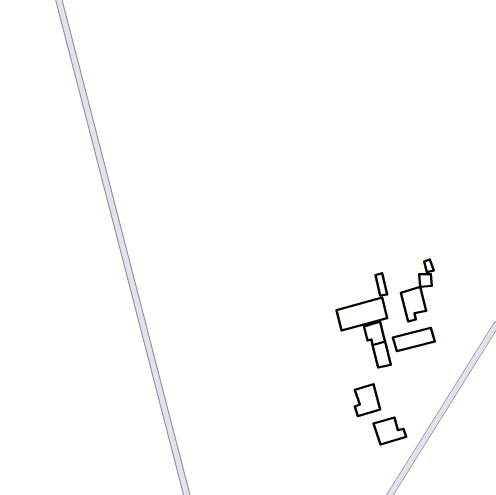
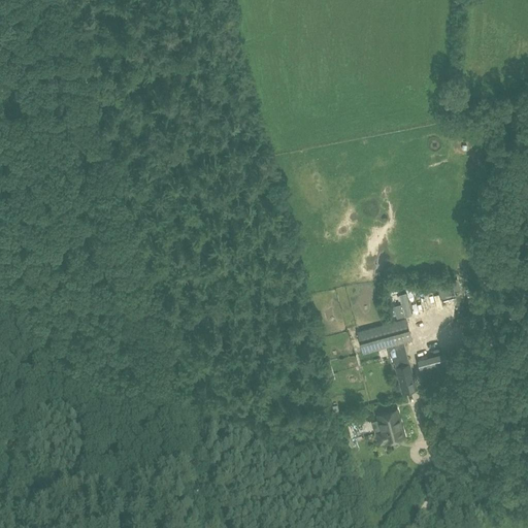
building: [401,287,426,322] -> none
building: [373,417,406,445] -> none

